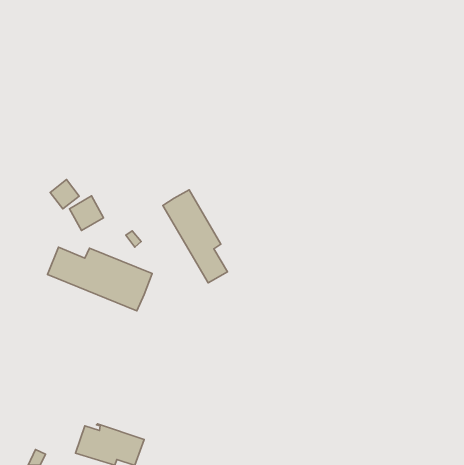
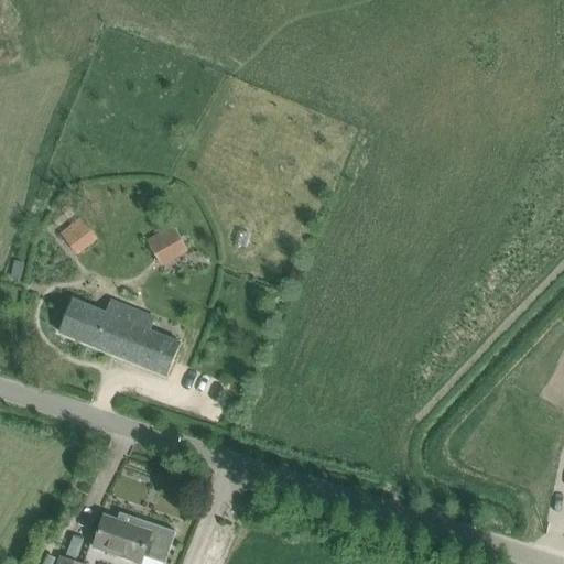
building: [163,190,228,283] -> none
building: [70,196,103,231] -> [144,224,185,265]

